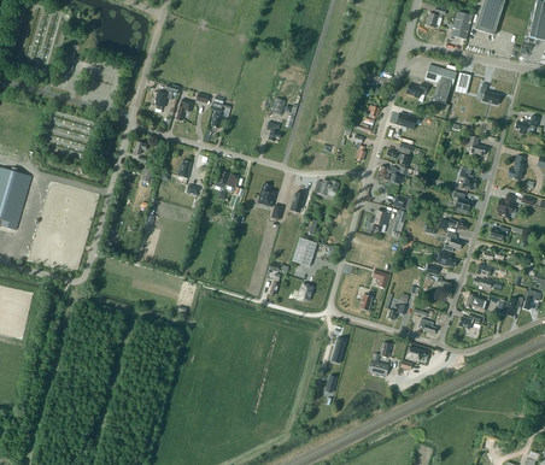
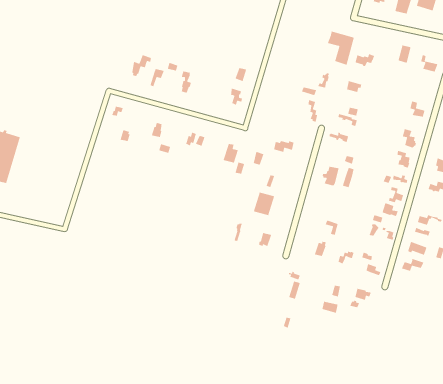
building: [424,64,456,104] -> [327,31,355,66]

